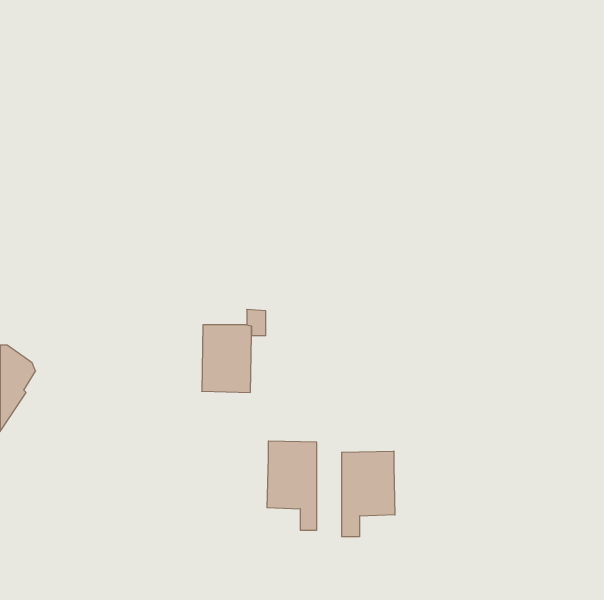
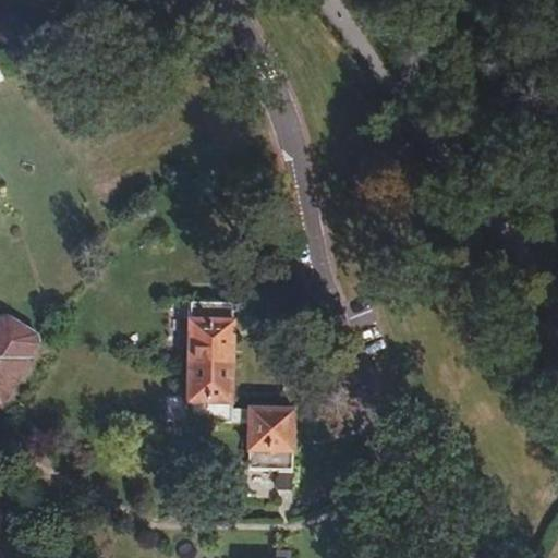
building: none -> [185,360,248,421]
building: [342,451,395,537] -> none

